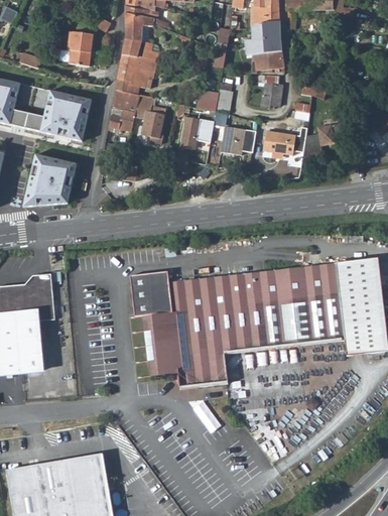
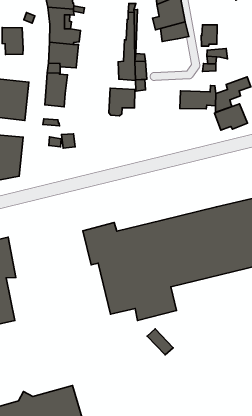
building: [262,82,283,107] -> [201,25,217,46]
building: [133,96,165,144] -> none
building: [220,126,255,155] -> none
building: none -> [214,104,247,130]

